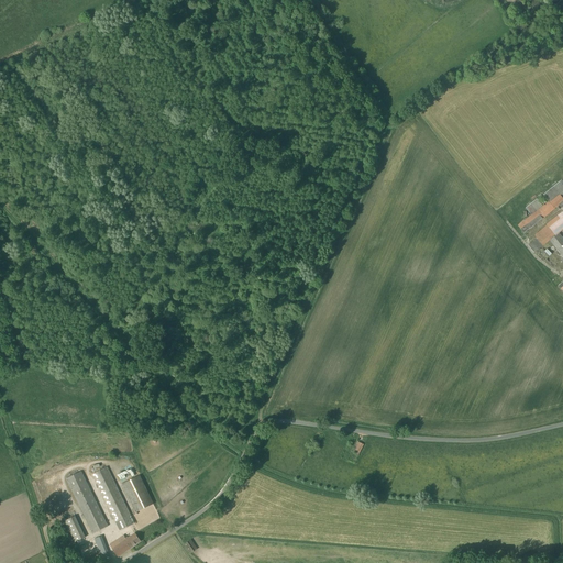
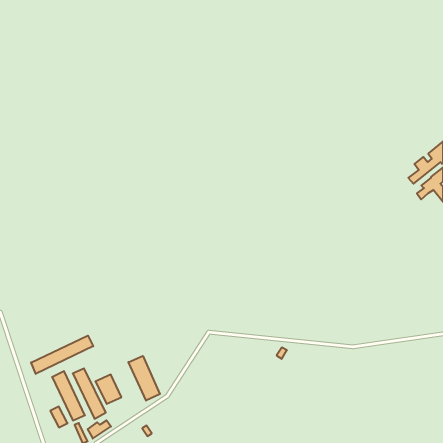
building: none -> [31,336,93,374]
building: none -> [128,356,160,401]

